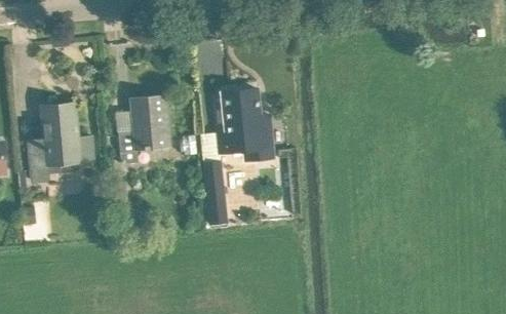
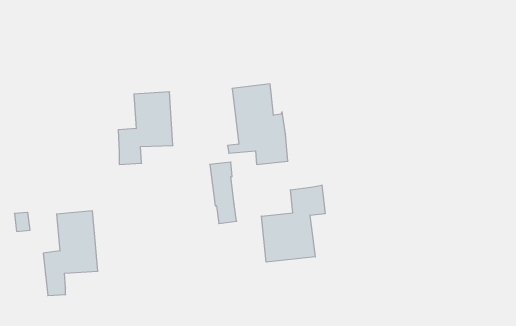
building: [30,102,80,180] -> [43,211,98,296]
building: none -> [261,185,325,262]

